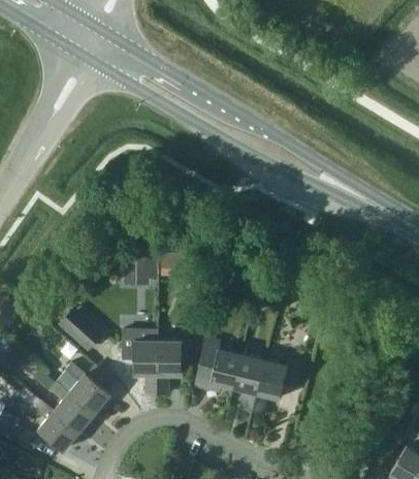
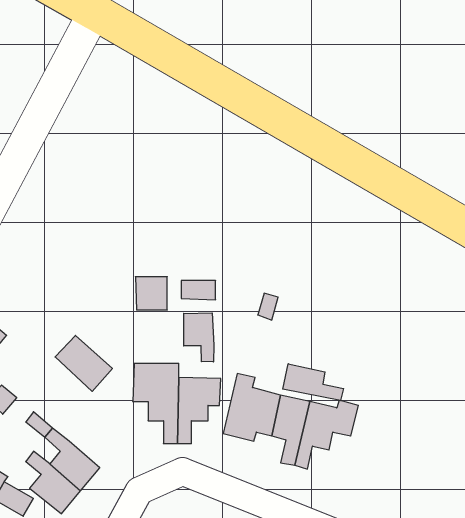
building: none -> [184,313,214,362]
building: none -> [283,364,344,401]
building: [65,361,110,413] -> none

